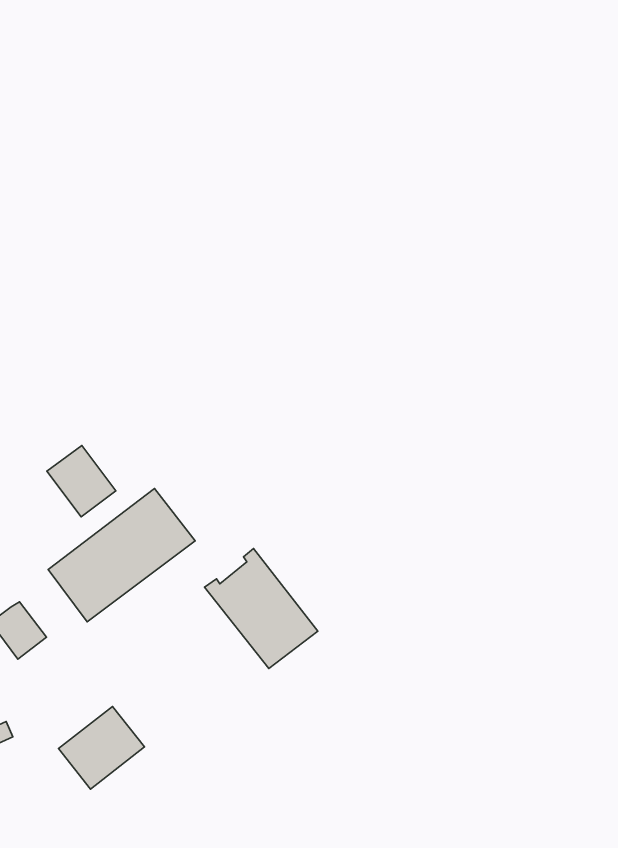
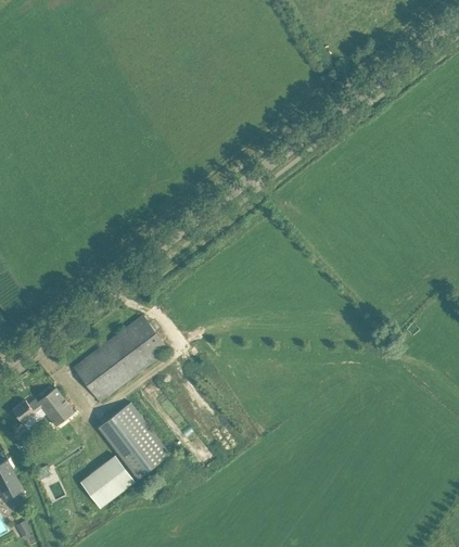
building: [47,446,116,517] -> none
building: [205,548,318,668] -> [97,400,169,478]

